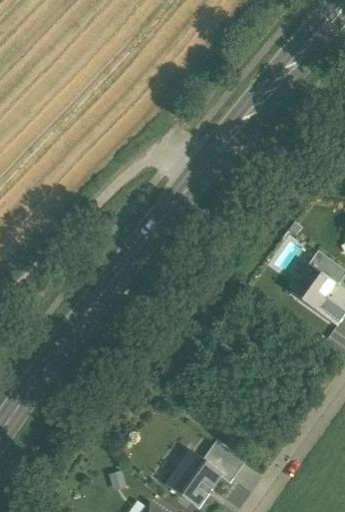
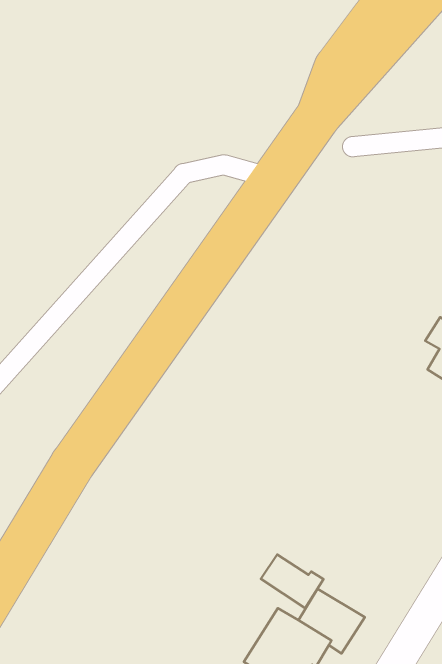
building: none -> [261,554,323,608]

